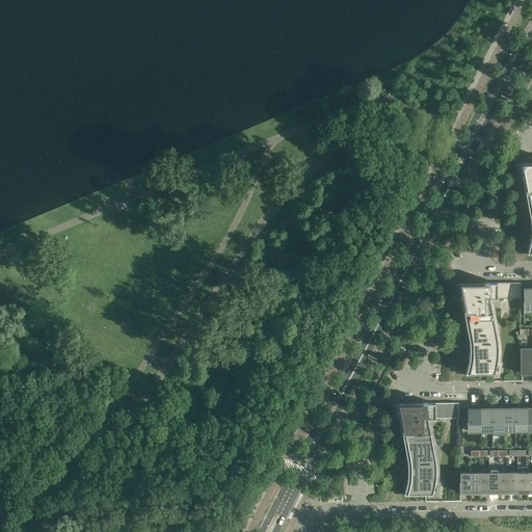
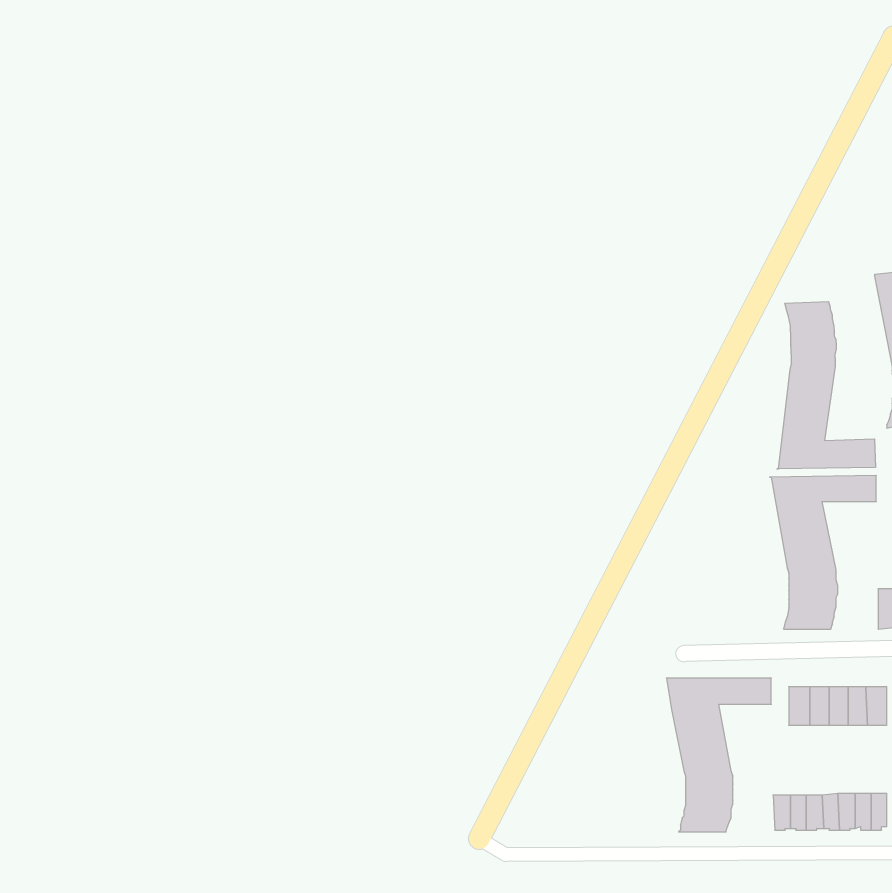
building: none -> [777,302,875,469]

